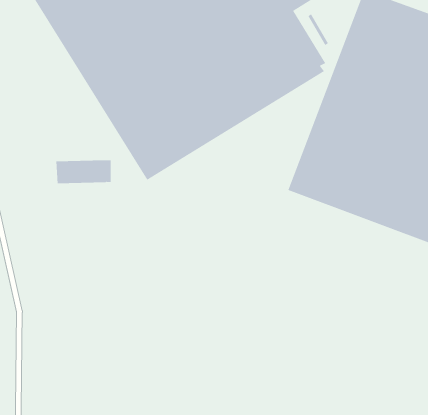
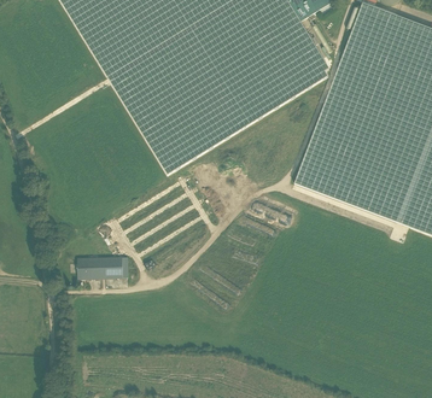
building: [55,160,112,184] -> [77,256,128,277]

